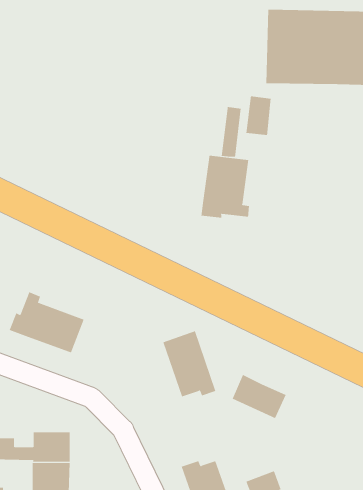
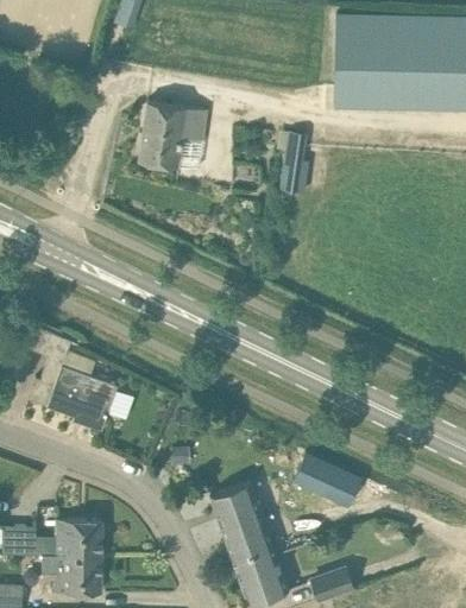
building: none -> [138,103,207,169]
building: [246,96,271,136] -> none
building: [201,155,250,219] -> none
building: [163,330,216,397] -> [210,483,275,563]

